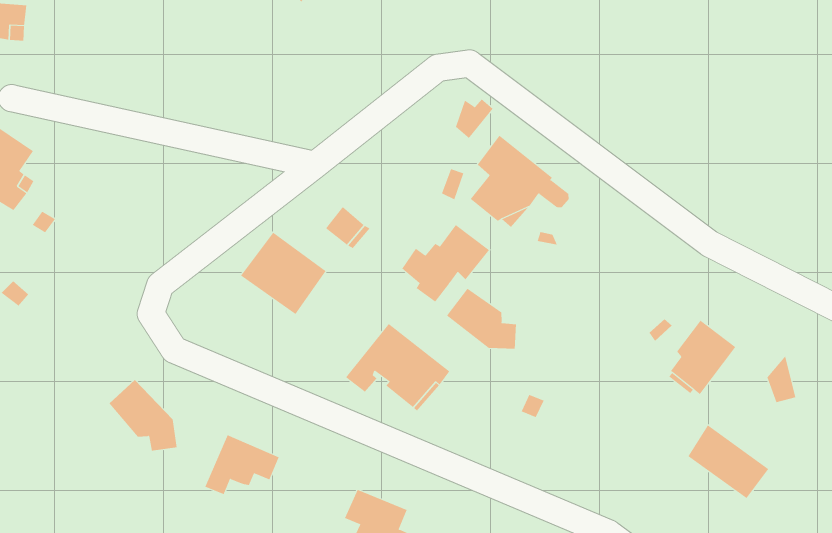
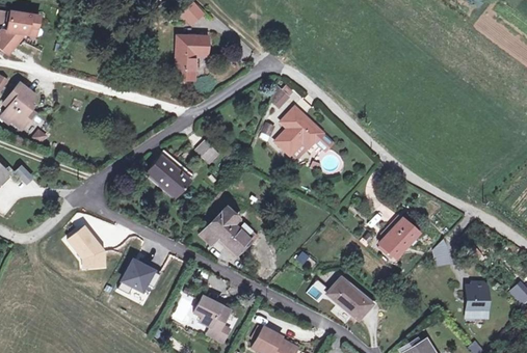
building: none -> [177,35,208,79]
building: [402,224,490,302] -> none
building: [446,288,517,349] -> none
building: [687,425,769,499] -> [327,276,372,319]

